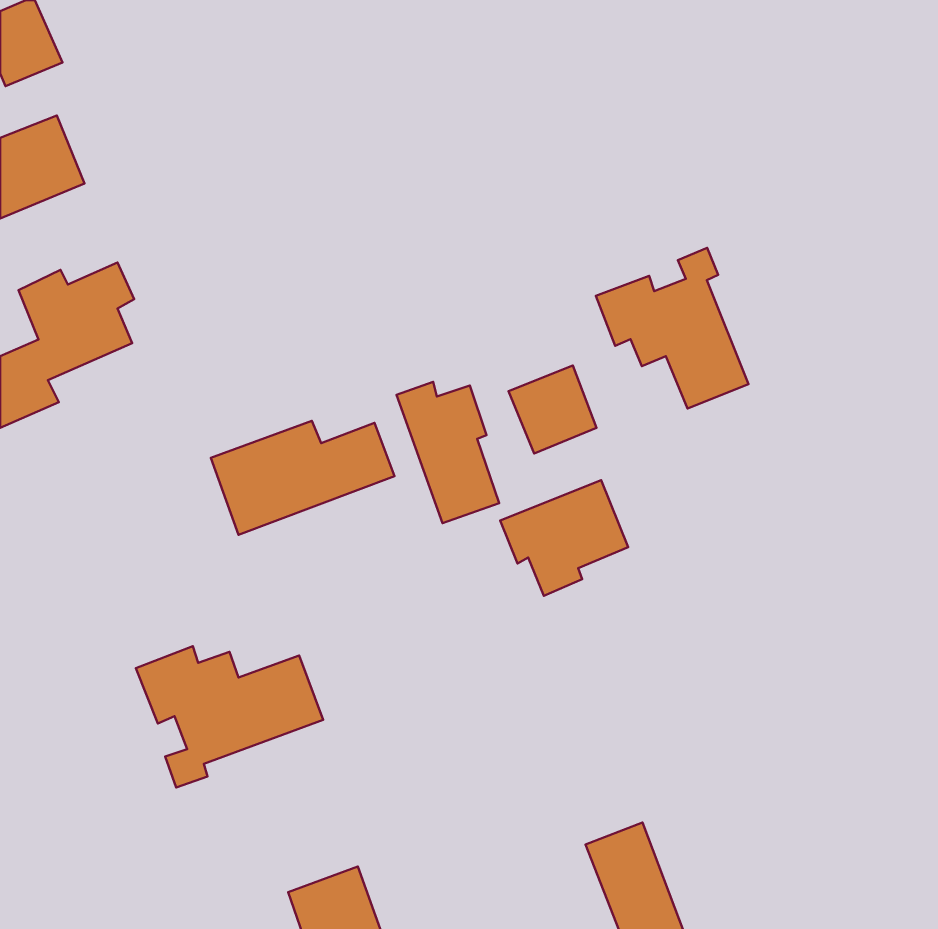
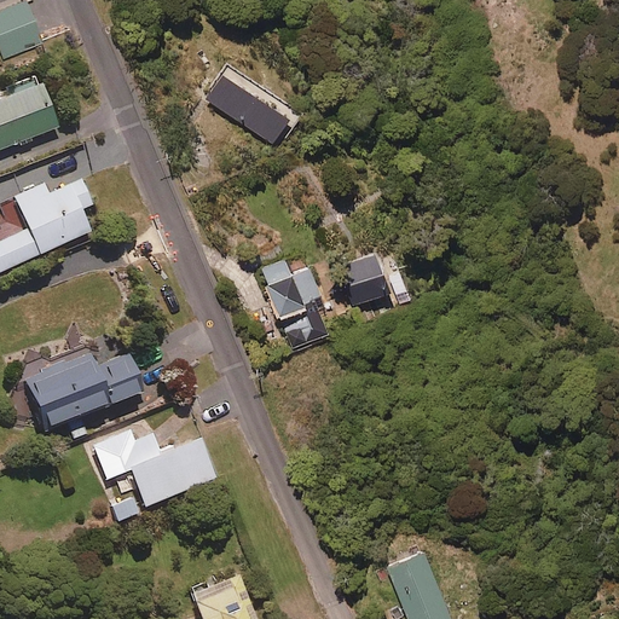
building: none -> [203,62,306,146]
building: [596,248,748,408] -> none
building: [211,421,395,535] -> [21,353,141,428]
building: [500,480,628,596] -> none

